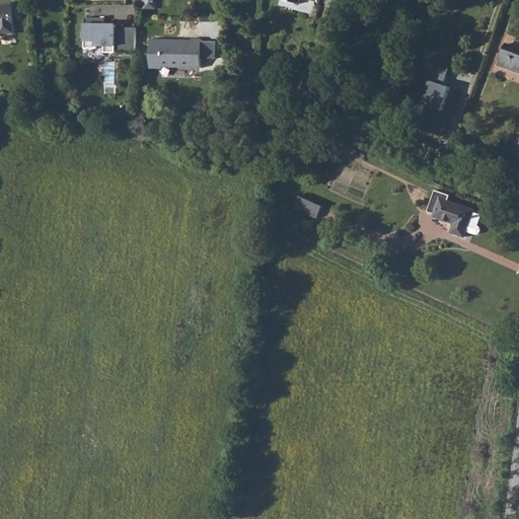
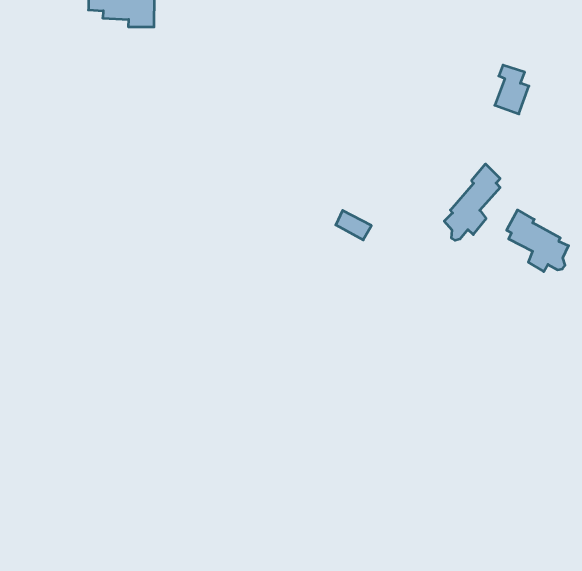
building: [151,39,204,68] -> none
building: none -> [444,164,500,240]

